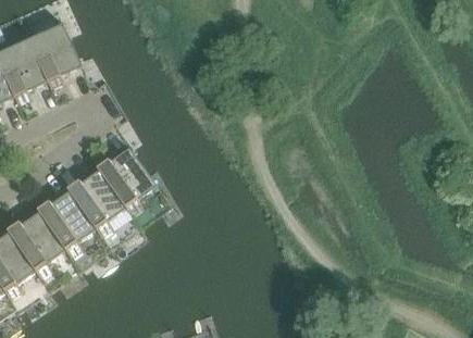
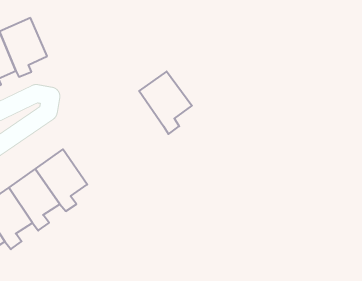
building: [96,147,154,216] -> [139,71,192,134]

